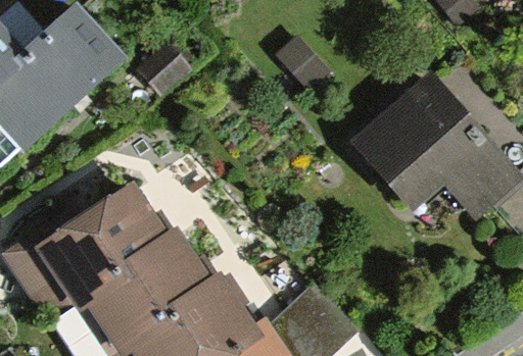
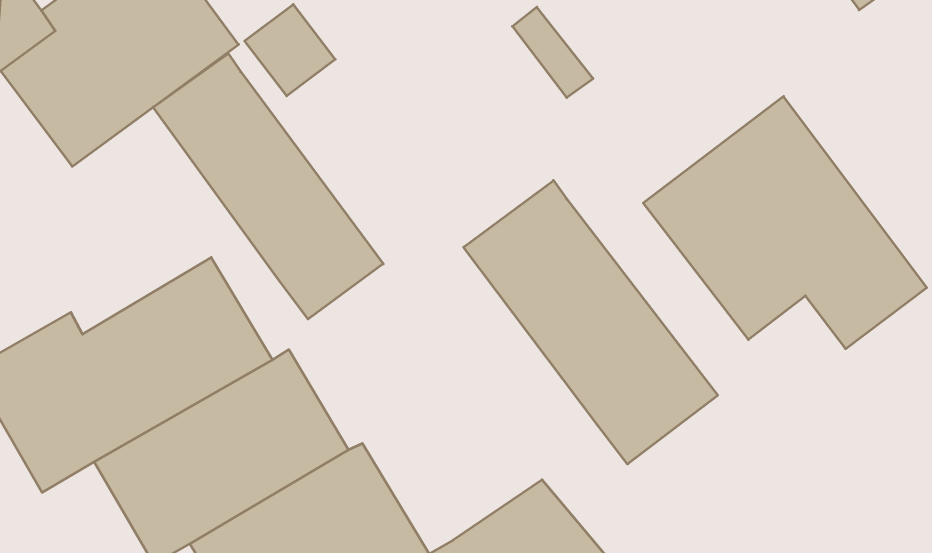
building: none -> [153,54,383,319]
building: none -> [464,180,718,464]

